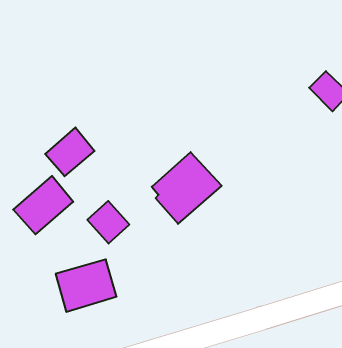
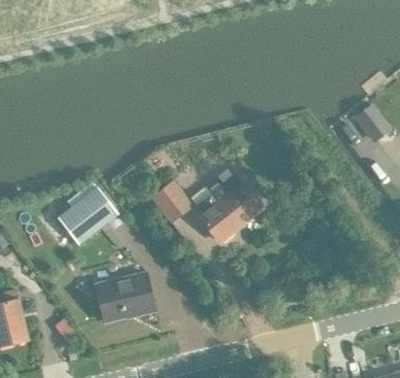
building: [45,127,95,176] -> none
building: [87,201,129,244] -> [150,180,191,222]

